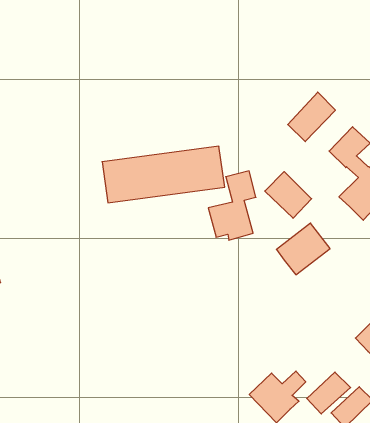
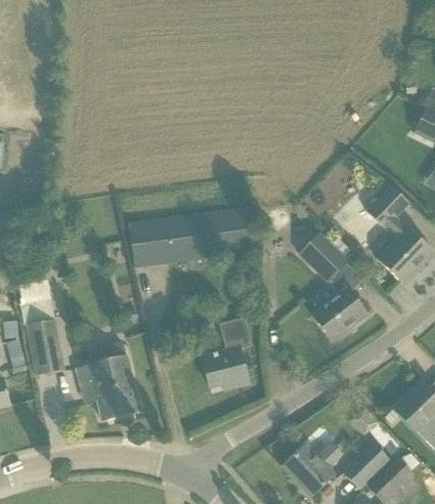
building: [288,92,335,142] -> none
building: [208,171,256,240] -> [203,317,253,389]
building: none -> [26,319,63,375]
building: none -> [76,354,141,421]

